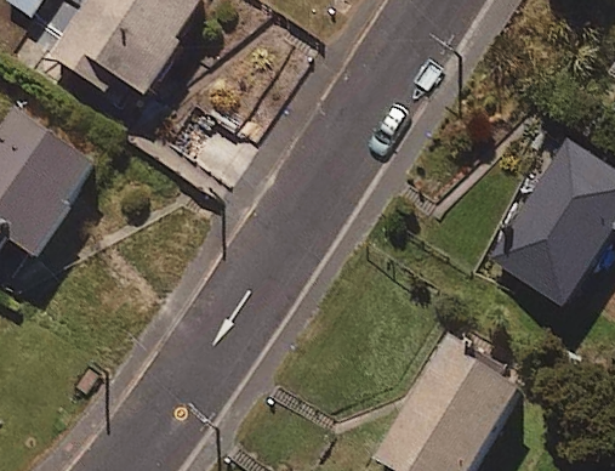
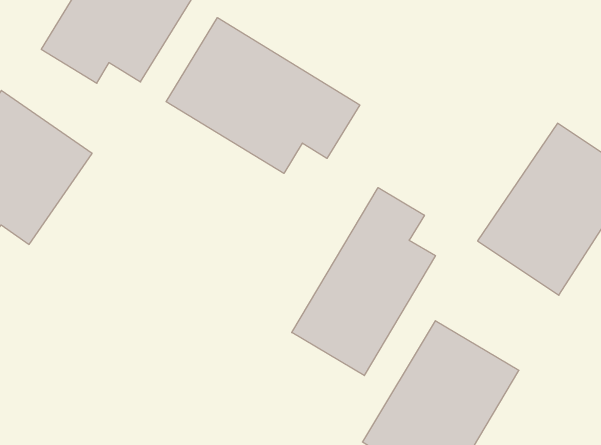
building: none -> [166,18,360,173]
building: none -> [292,188,435,376]

